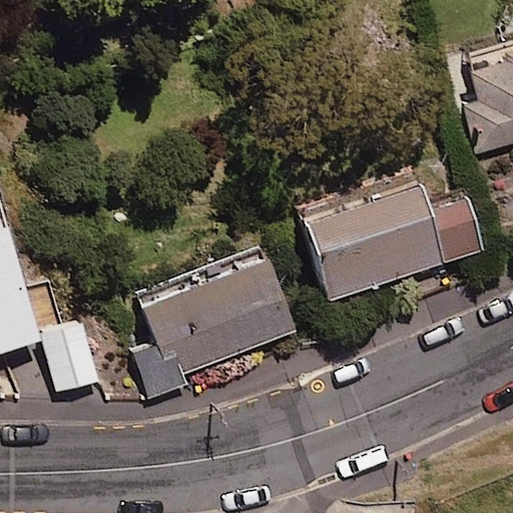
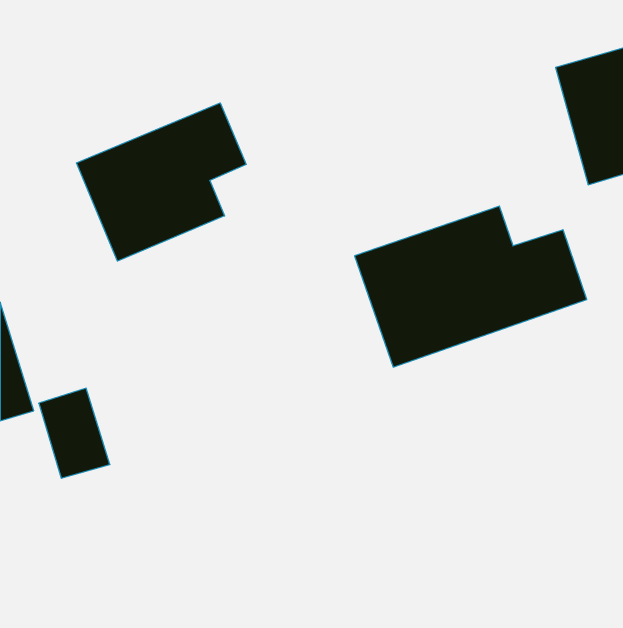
building: none -> [76,103,246,261]
building: [119,251,296,402] -> none

